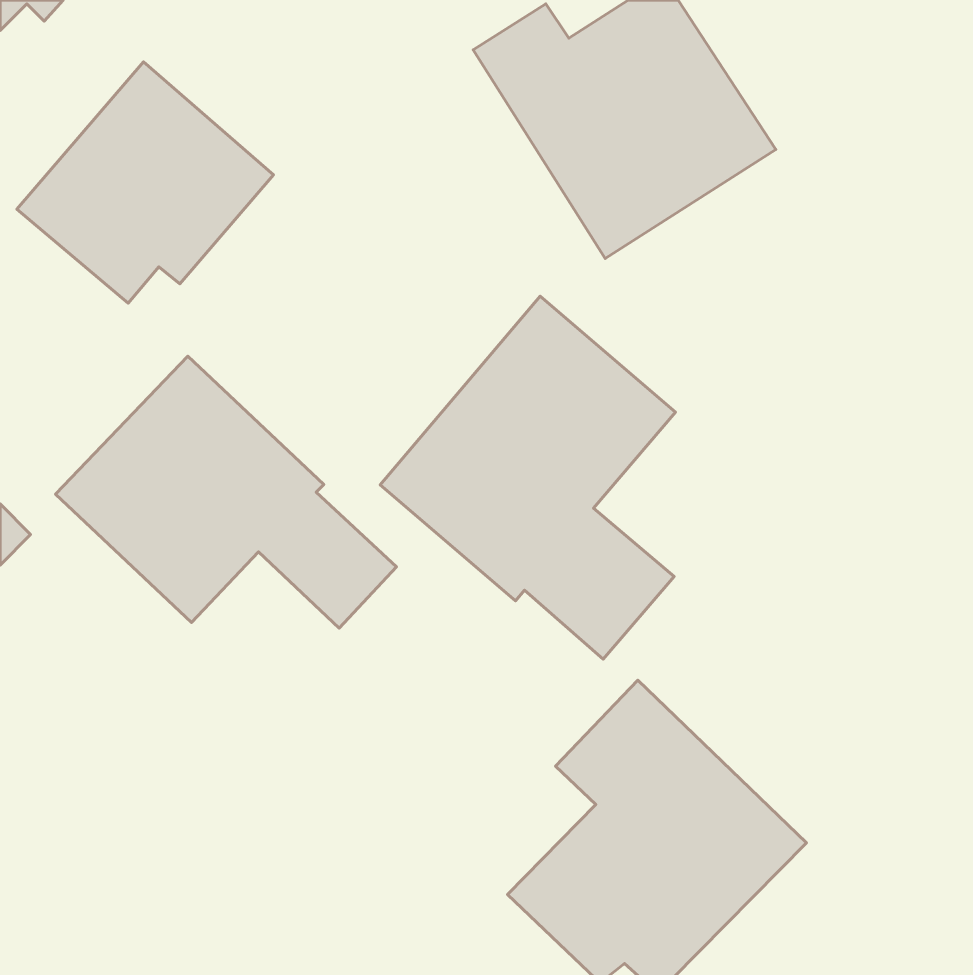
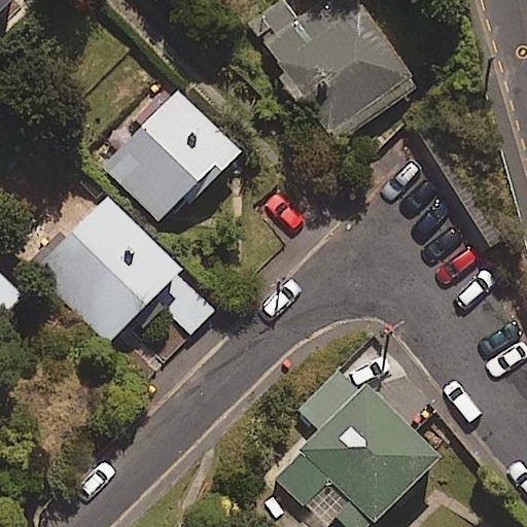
building: [17,62,274,303] -> [102,89,240,218]
building: [380,296,676,659] -> none

